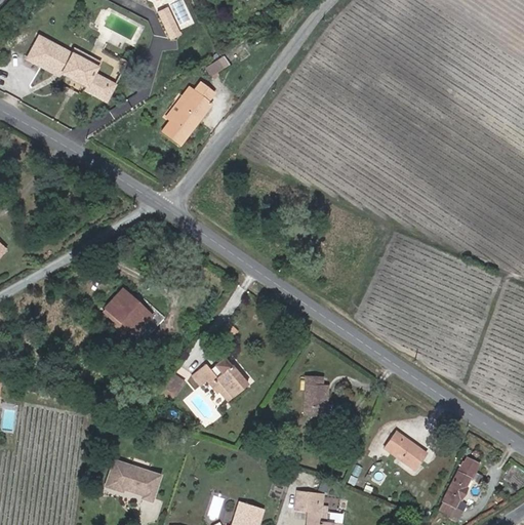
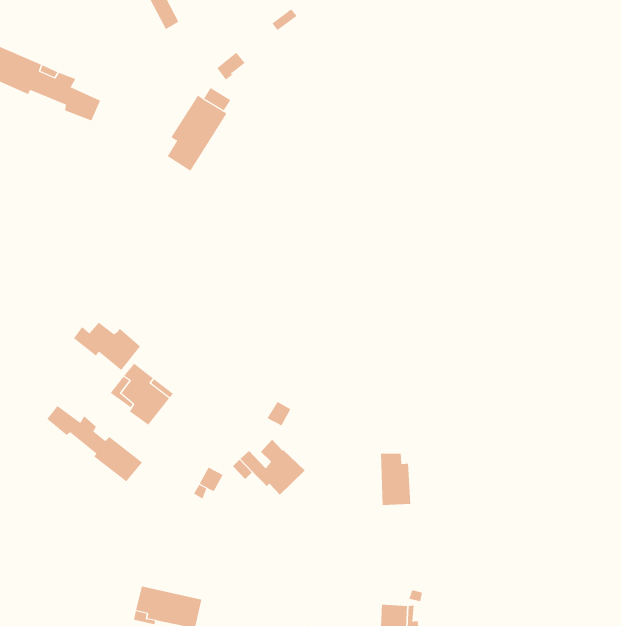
building: none -> [73,322,141,371]
building: none -> [46,405,143,482]
building: [384,432,427,470] -> none
building: [438,456,479,515] -> none

